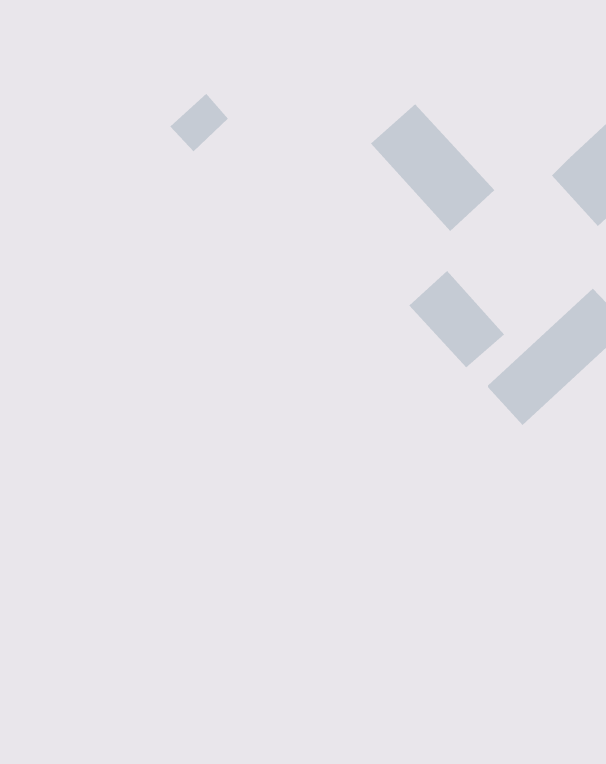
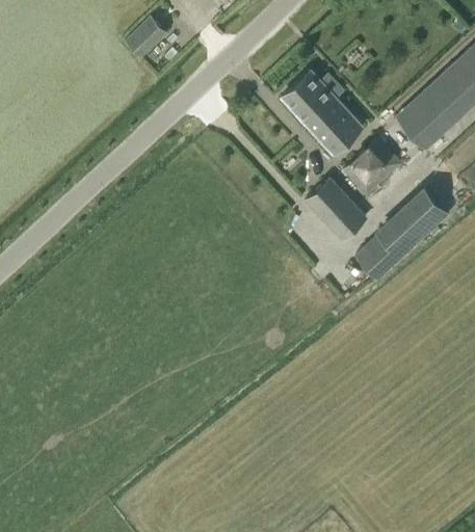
building: [170,93,229,152] -> [126,19,164,57]
building: none -> [343,139,400,195]

